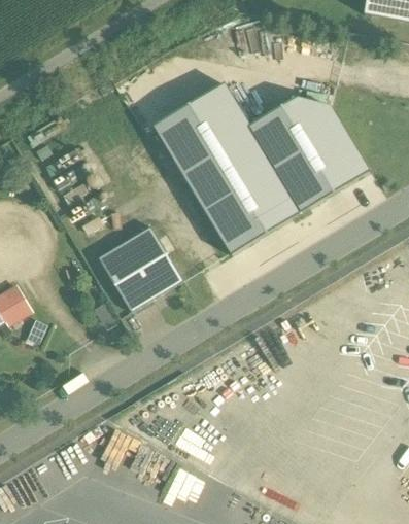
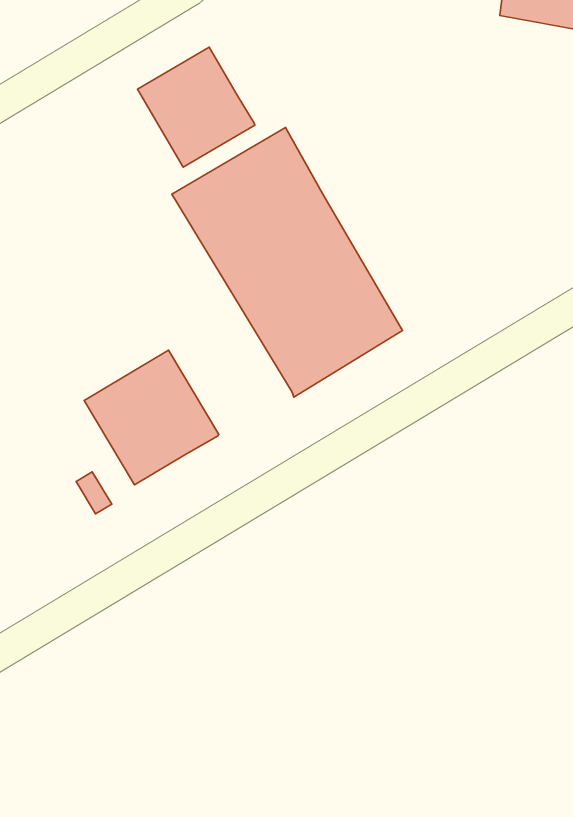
building: none -> [137,47,255,167]
building: [248,98,368,212] -> none

